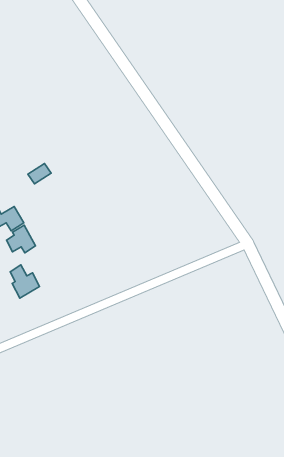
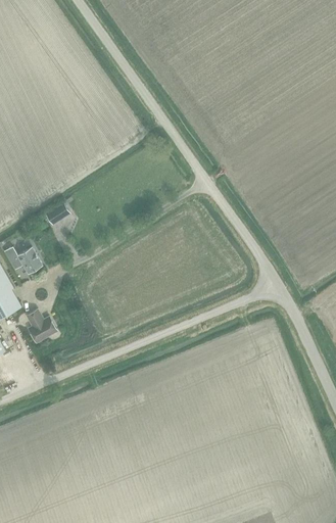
building: [6,225,36,253] -> none

